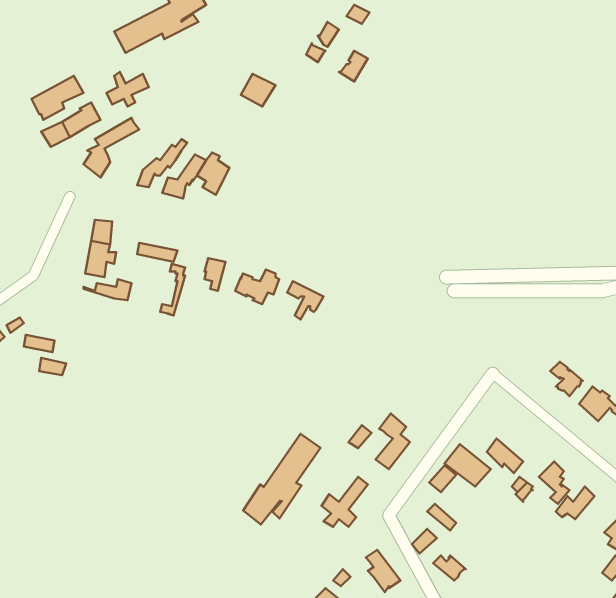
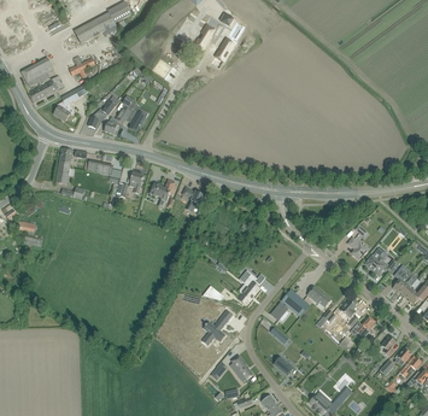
building: [243,434,320,524] -> none

